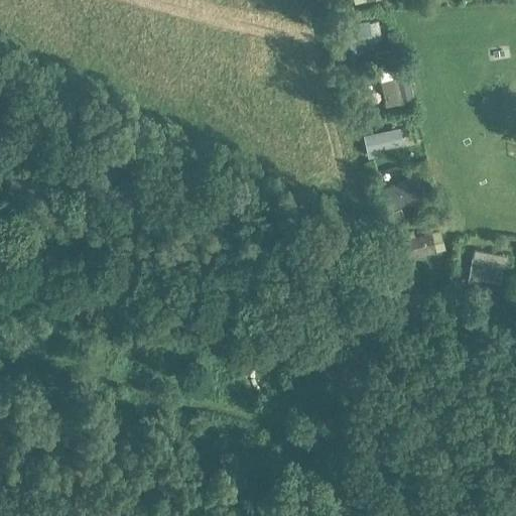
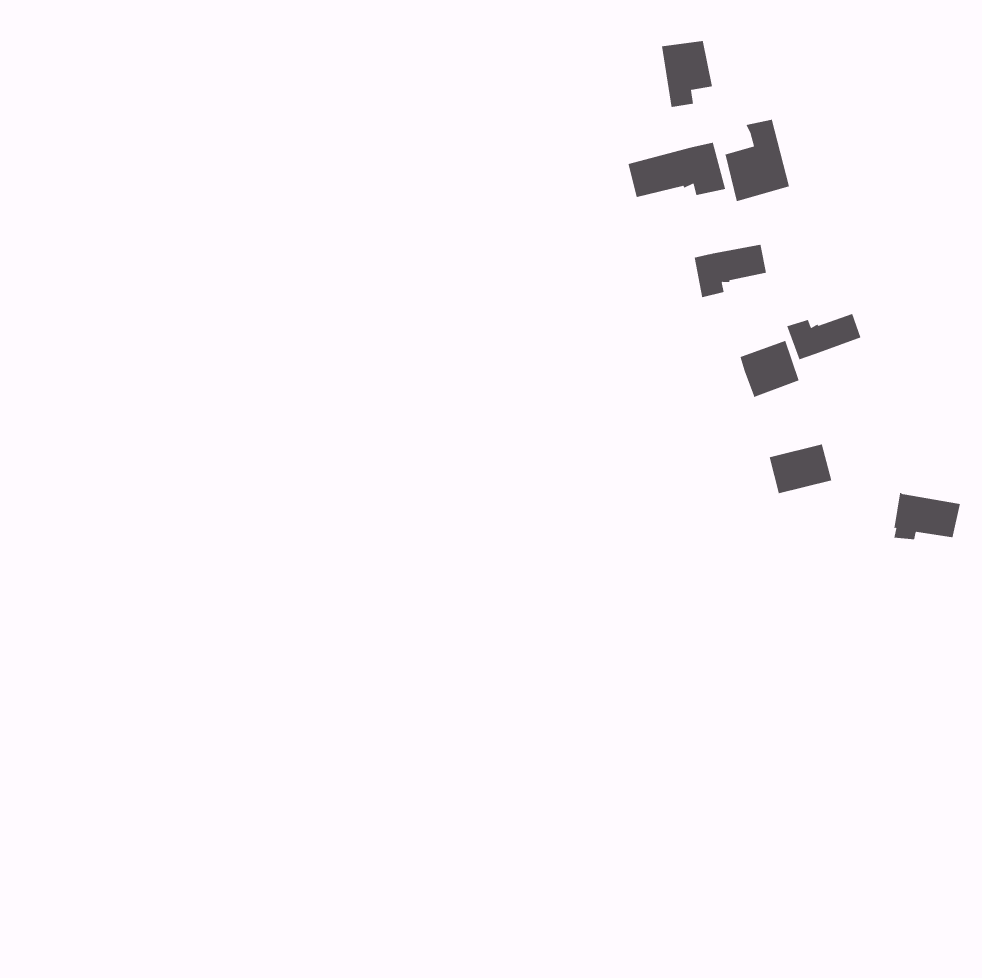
building: none -> [628,142,726,198]
building: none -> [787,313,861,360]

